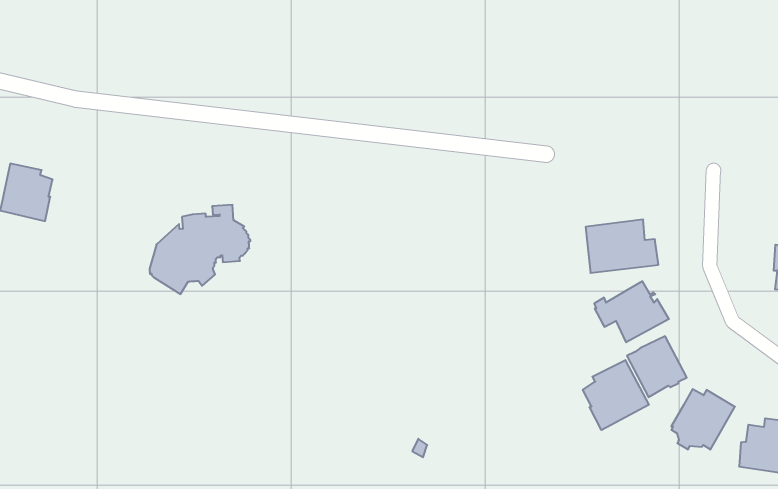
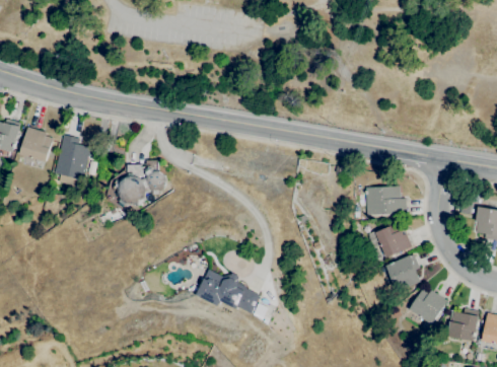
building: none -> [55,135,90,186]
building: [583,360,649,430] -> none
building: none -> [196,270,260,313]

